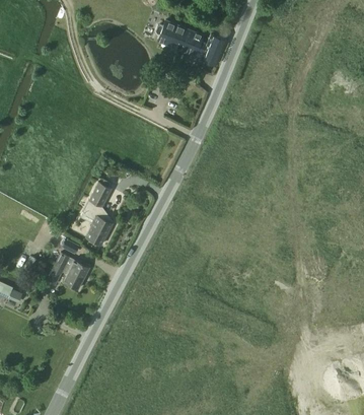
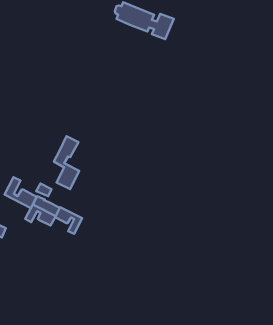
building: none -> [4,177,37,208]
building: none -> [55,207,82,234]

